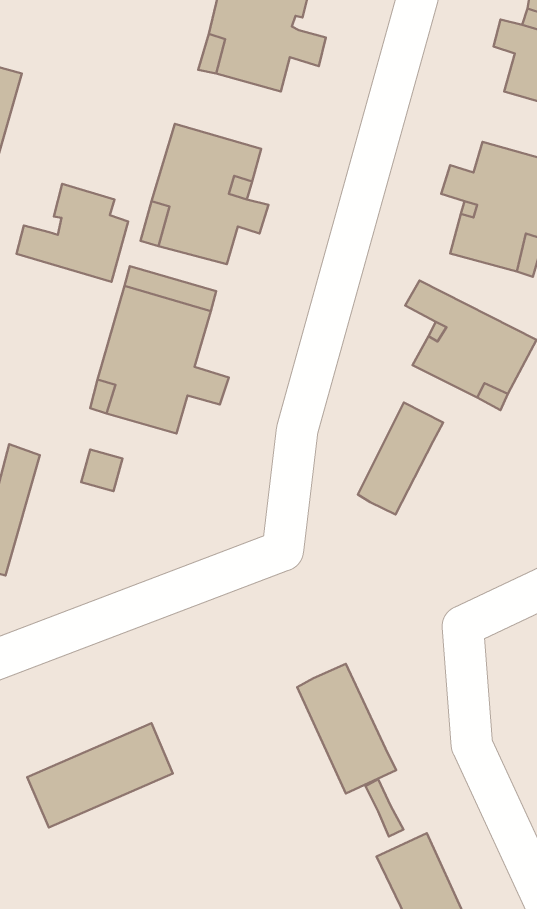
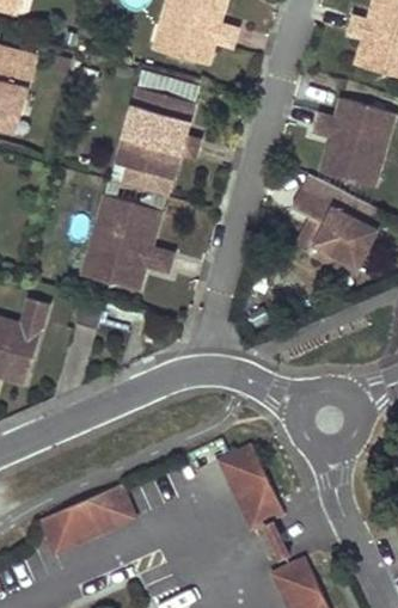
building: [17,184,128,282] -> none
building: [358,403,443,515] -> none

